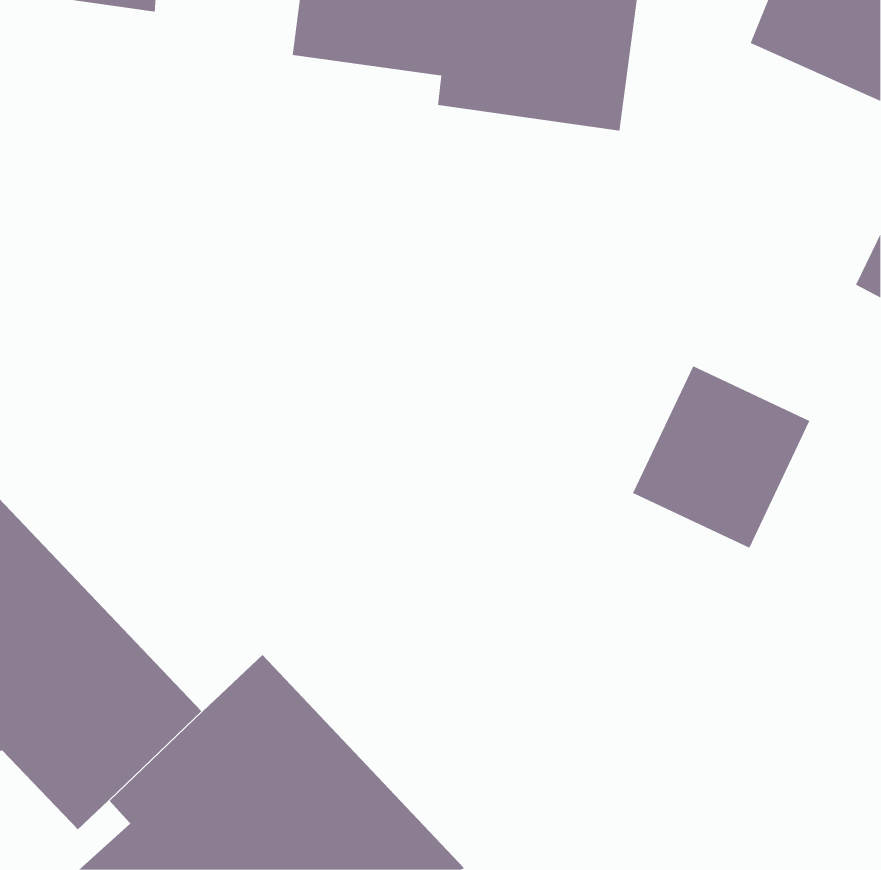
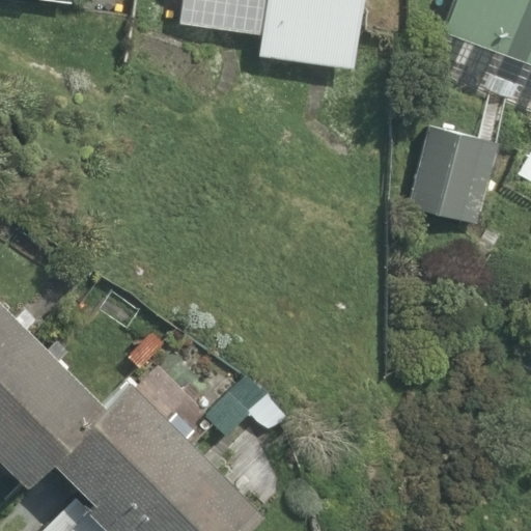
building: [632,365,810,548] -> [392,121,499,231]

